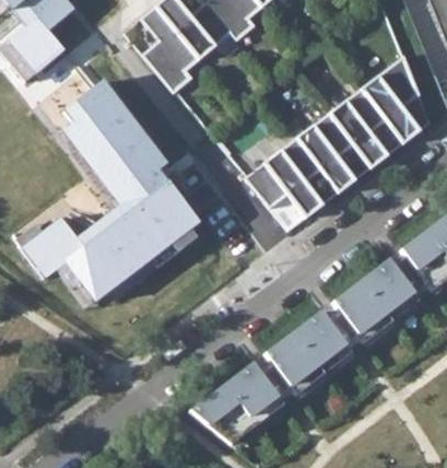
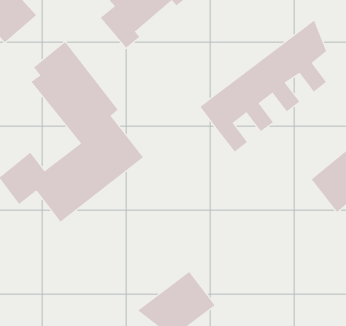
building: [246,161,290,207] -> none
building: [333,257,421,341] -> none
building: [264,309,353,393] -> none

